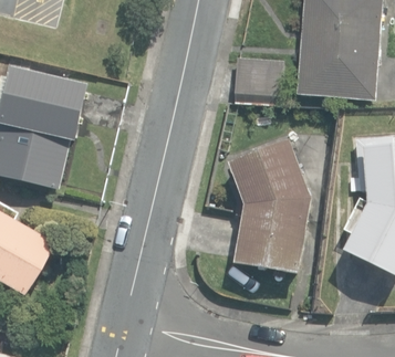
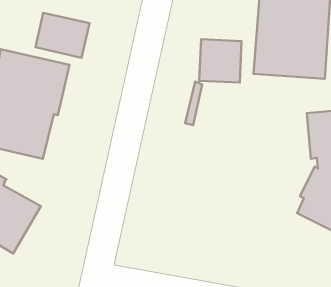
building: none -> [35,13,89,58]
building: [229,140,313,276] -> none

